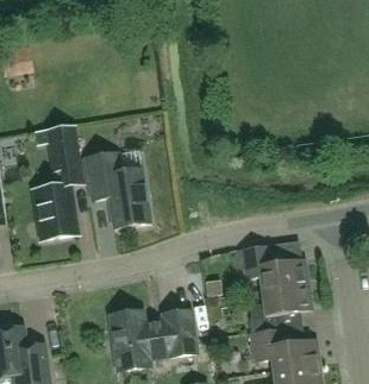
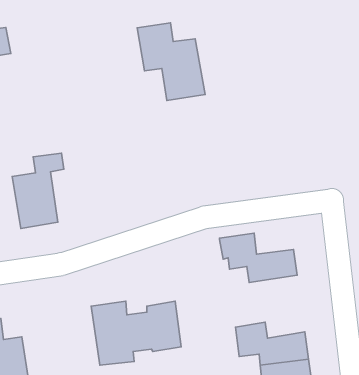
building: [48,126,81,170] -> none
building: [86,152,151,227] -> [137,23,205,101]
building: [246,284,312,334] -> none

